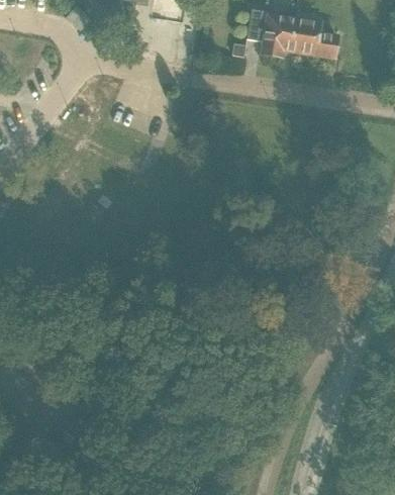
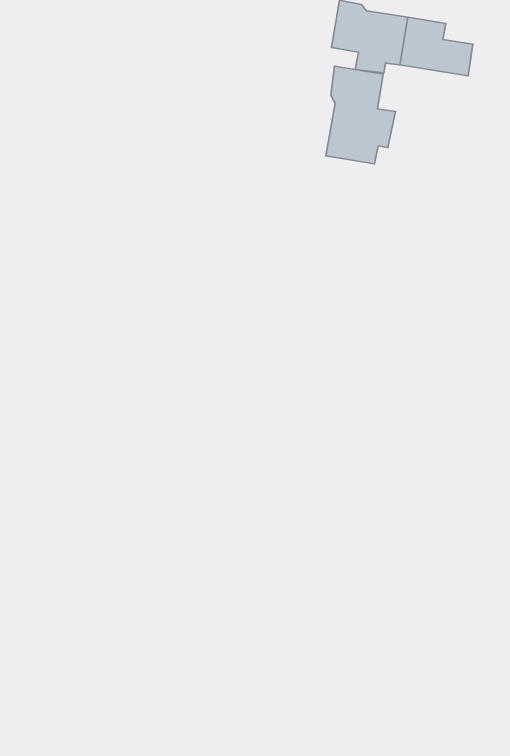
building: none -> [326,66,396,164]

